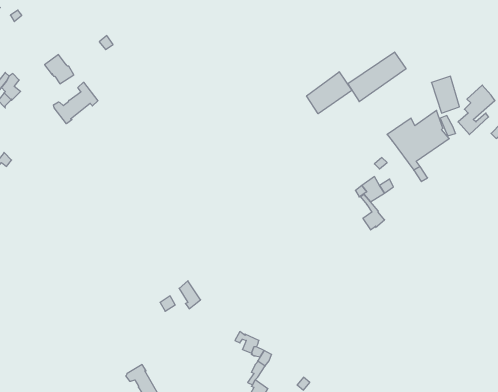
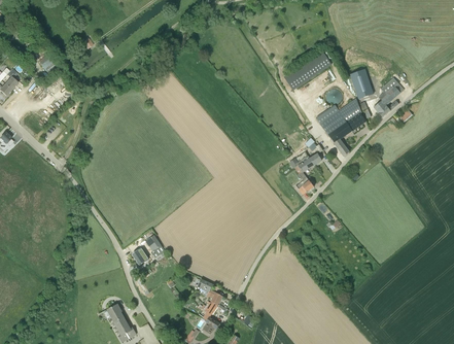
building: [307,72,352,114] -> none
building: [54,82,98,124] -> none

